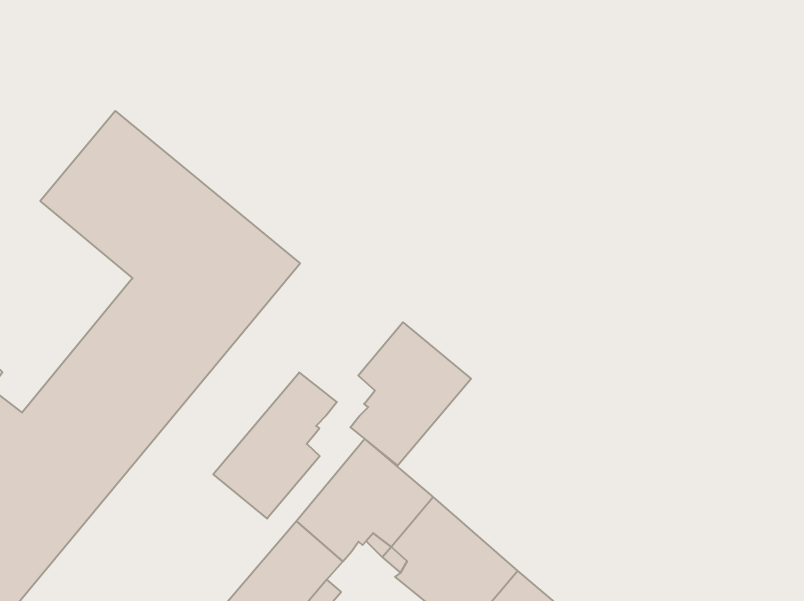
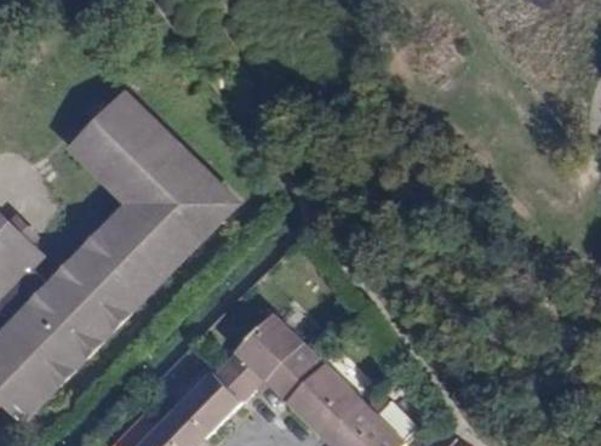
building: [350,322,471,465] -> none
building: [213,372,337,519] -> none

